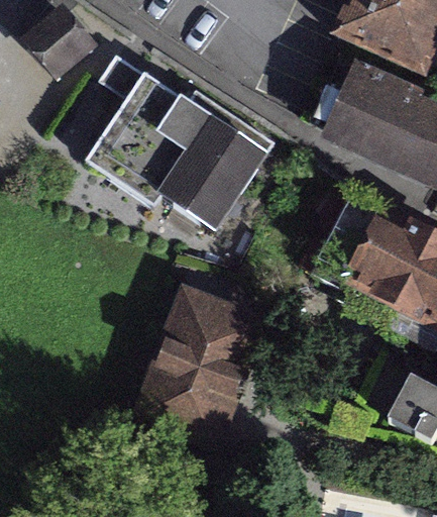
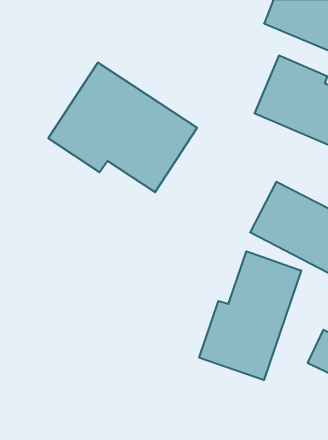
building: [142,279,262,437] -> none
building: none -> [199,251,301,380]

